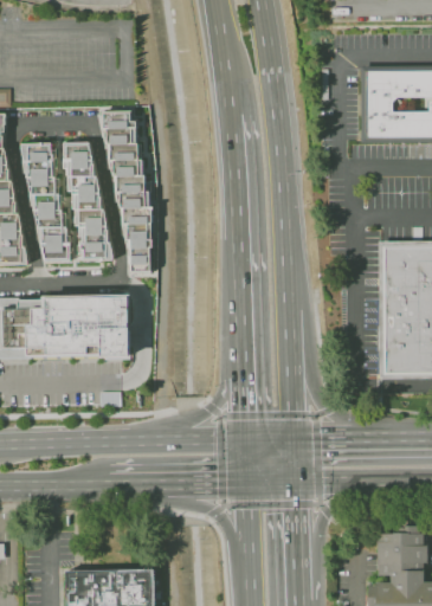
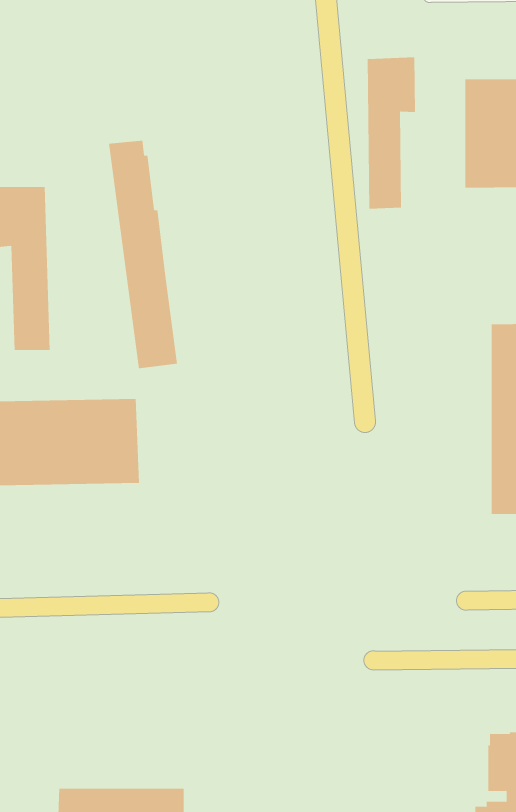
building: none -> [367,57,416,209]
building: [66,142,104,263] -> none

